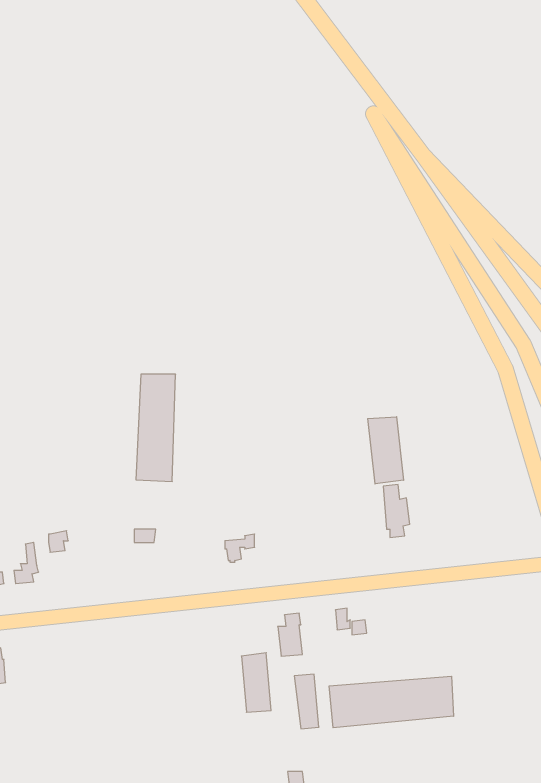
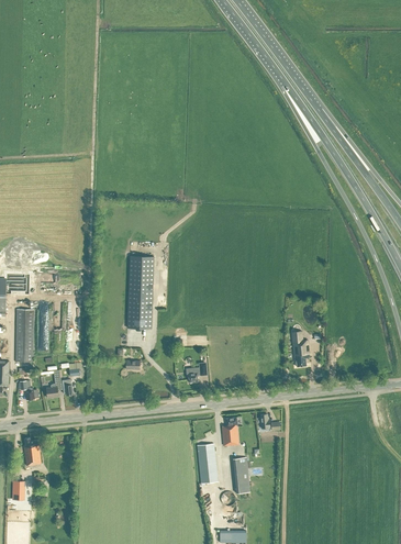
building: [368,417,404,484] -> none
building: [329,676,454,728] -> none

